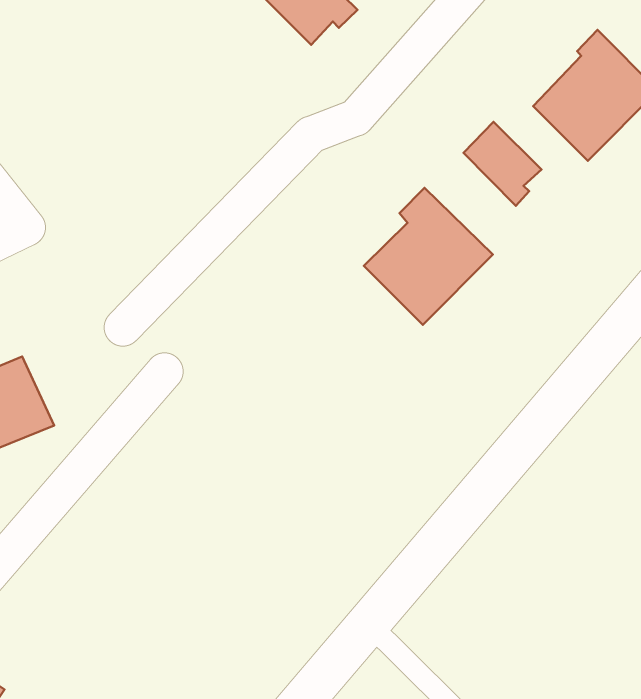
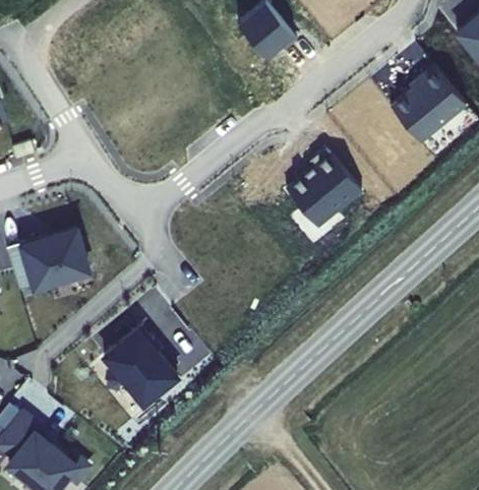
building: [464,122,541,206] -> none
building: none -> [100,322,181,407]

